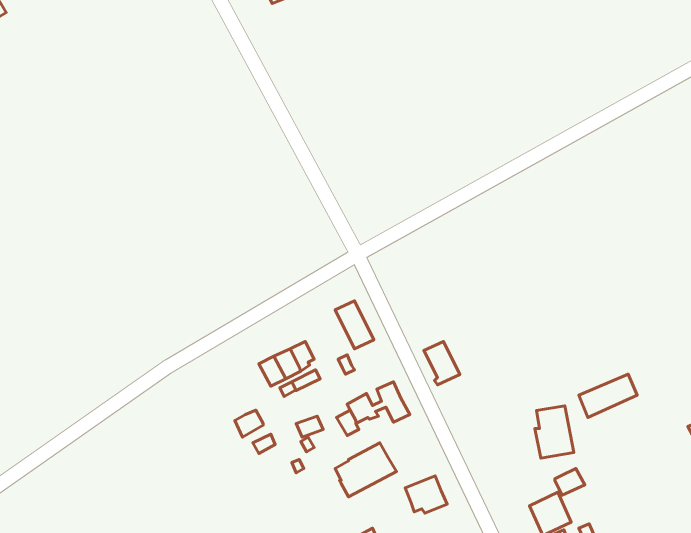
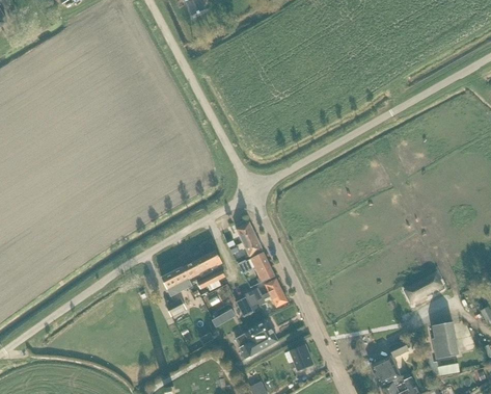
building: [424,341,460,385] -> [250,253,275,283]
building: none -> [162,266,192,296]
building: [535,406,574,458] -> [432,322,459,359]

